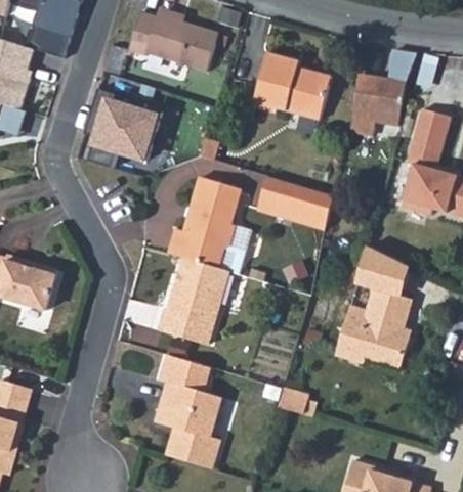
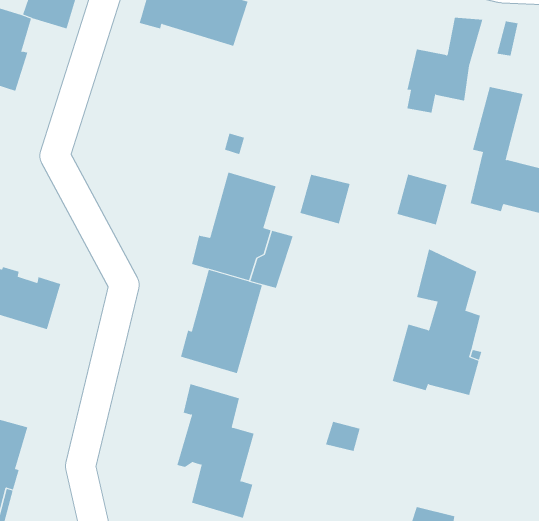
building: [246,54,324,124] -> none
building: [87,89,160,170] -> none
building: [292,187,335,230] -> [396,174,448,225]

